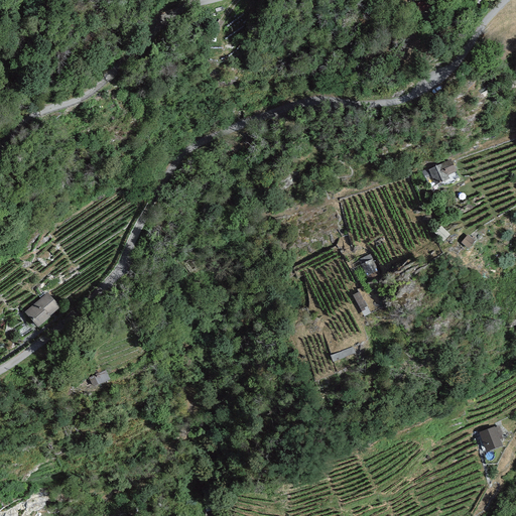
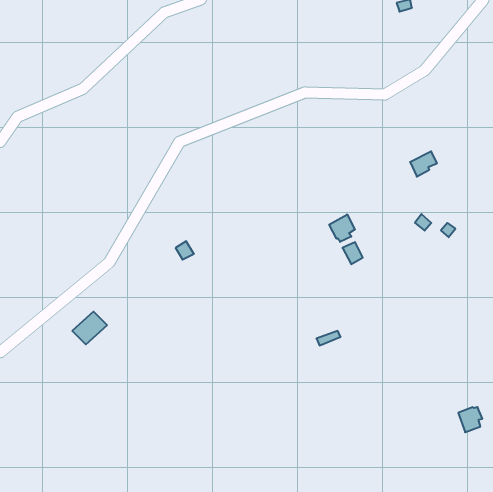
building: none -> [329,214,355,242]
building: [24,292,60,327] -> [72,312,107,344]

